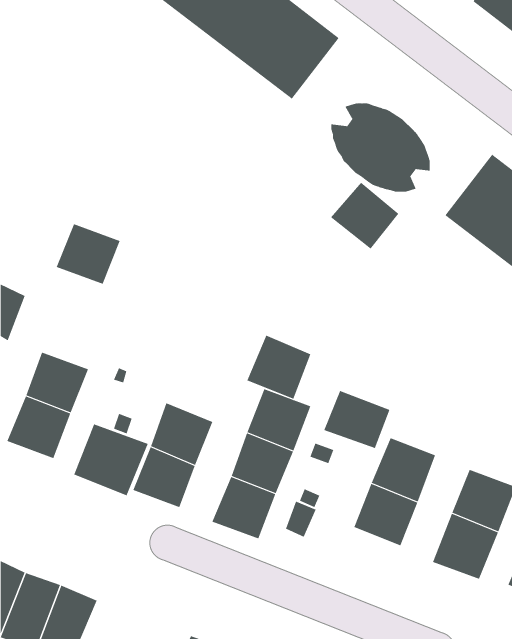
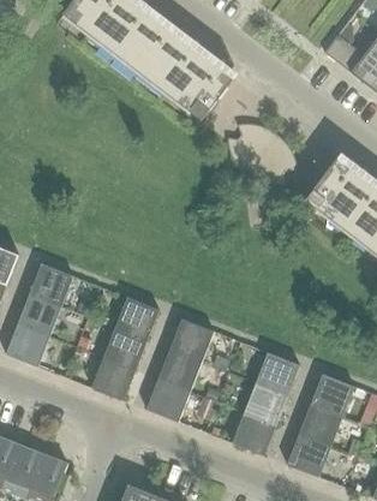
building: [330,182,399,250] -> none
building: [56,223,121,285] -> [29,262,73,304]
building: [246,335,311,400] -> [114,296,158,340]
building: [323,390,390,449] -> none
building: [73,424,149,496] -> none
building: none -> [232,412,275,454]
building: none -> [286,436,329,476]

